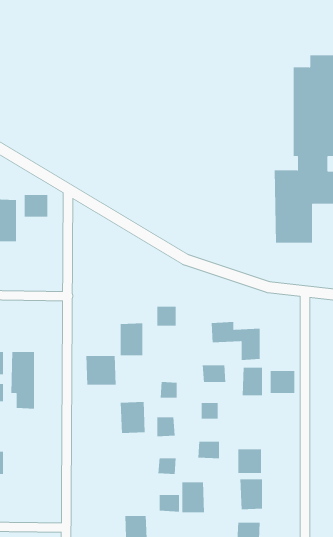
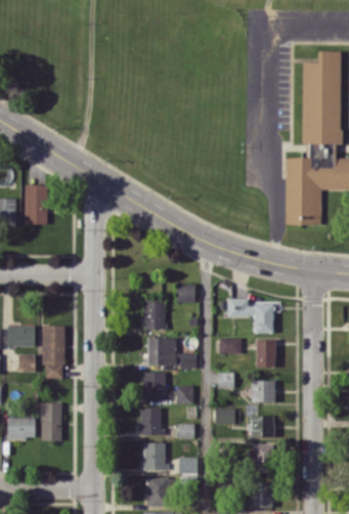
building: [24,194,48,217] -> none
building: [85,355,116,385] -> [146,338,175,366]
building: [270,370,295,394] -> [251,381,274,402]
building: none -> [40,402,61,440]
building: none -> [140,409,161,435]
building: [182,482,205,513] -> [143,442,165,471]

